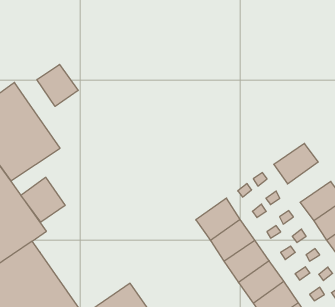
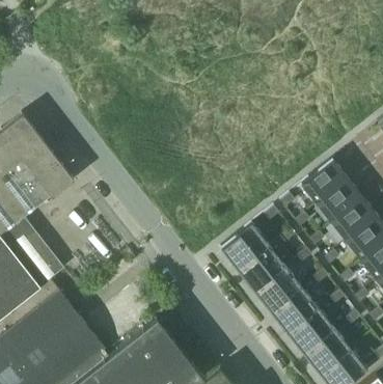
building: [37,64,78,106] -> none
building: none -> [317,181,362,224]
building: [21,177,65,222] -> none

